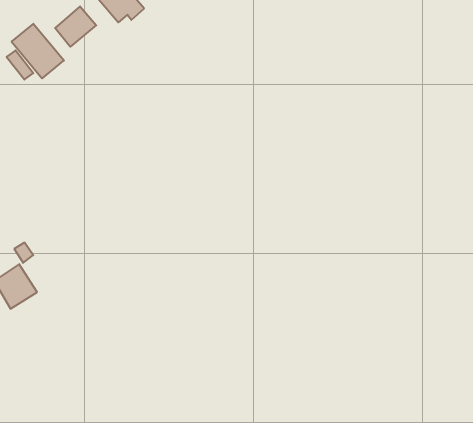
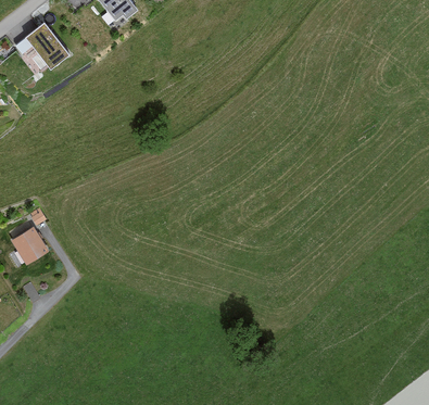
building: [55,6,96,47] -> none

